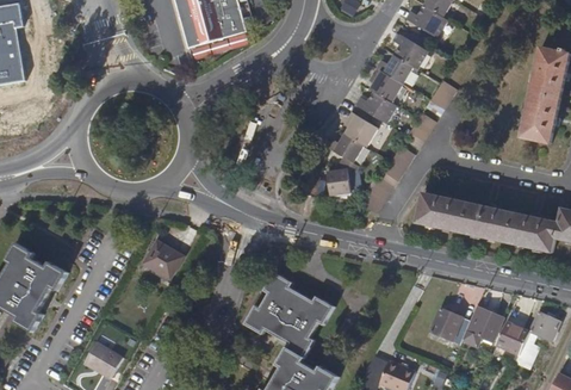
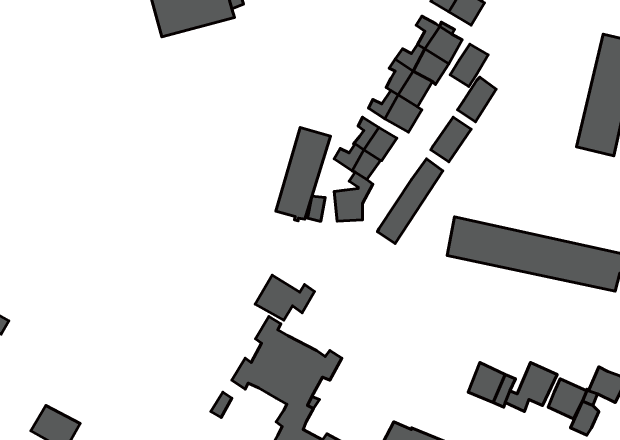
building: none -> [450,44,488,87]
building: none -> [276,127,330,221]
building: none -> [255,275,314,320]
building: [139,241,179,280] -> none

